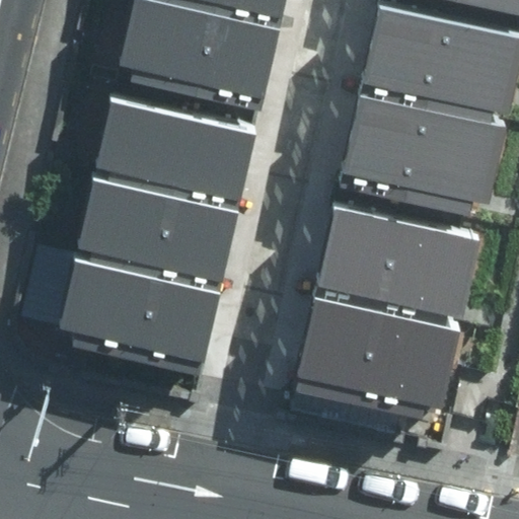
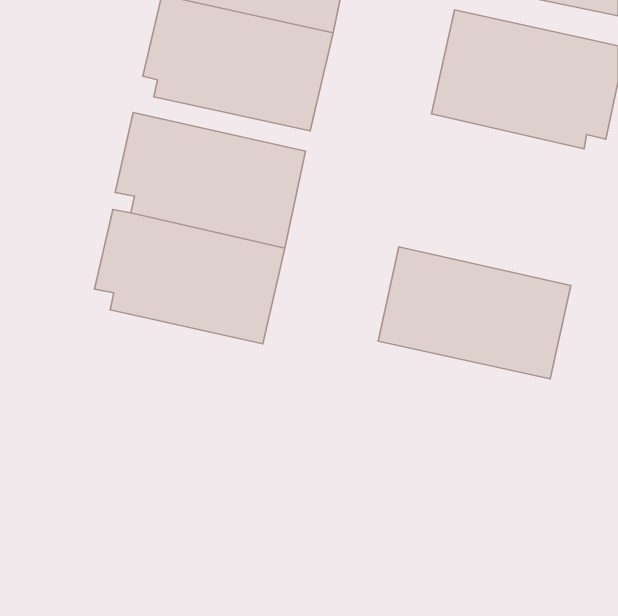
building: [341,95,505,213] -> none
building: [62,256,220,370] -> none
building: [294,299,457,416] -> none

